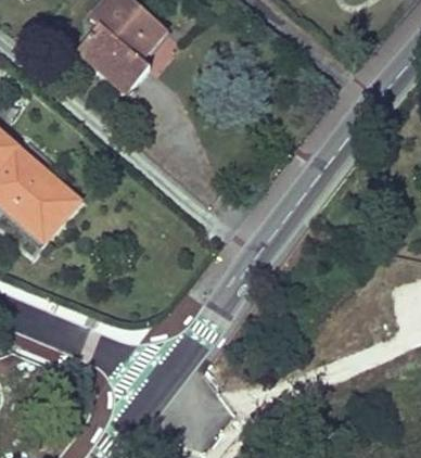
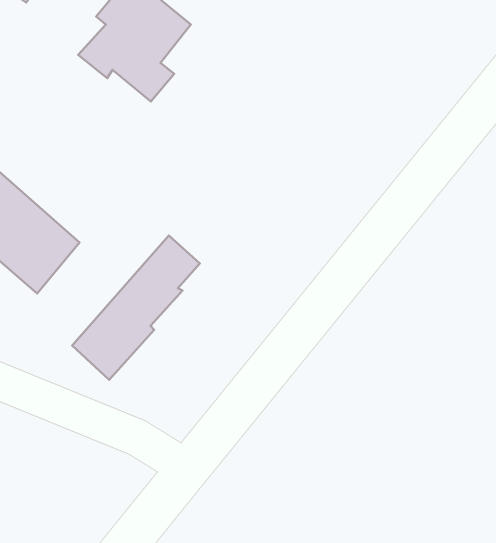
building: none -> [72,236,200,380]

